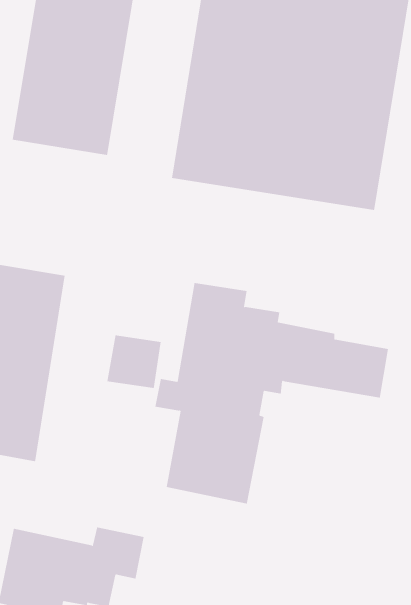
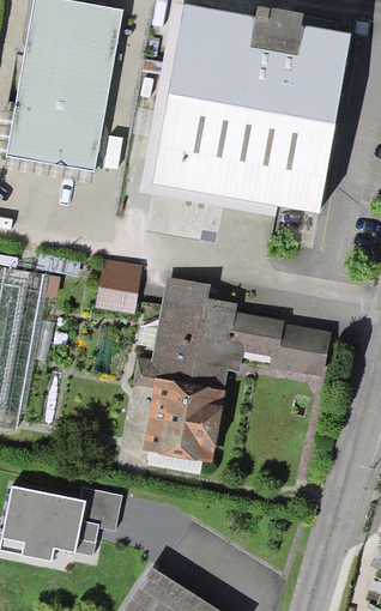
building: [106,335,162,389] -> [95,265,141,310]

